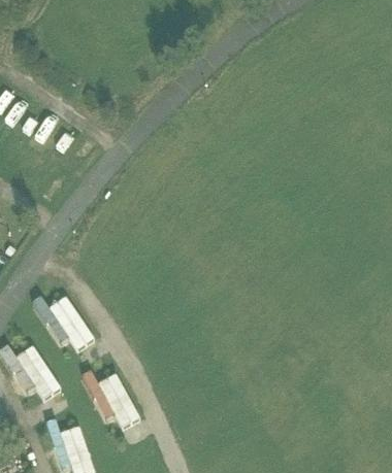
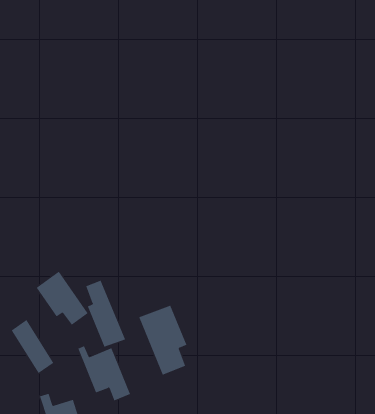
building: none -> [85,280,126,348]
building: none -> [138,305,187,375]

